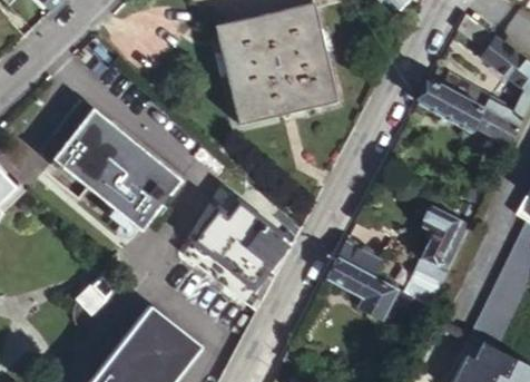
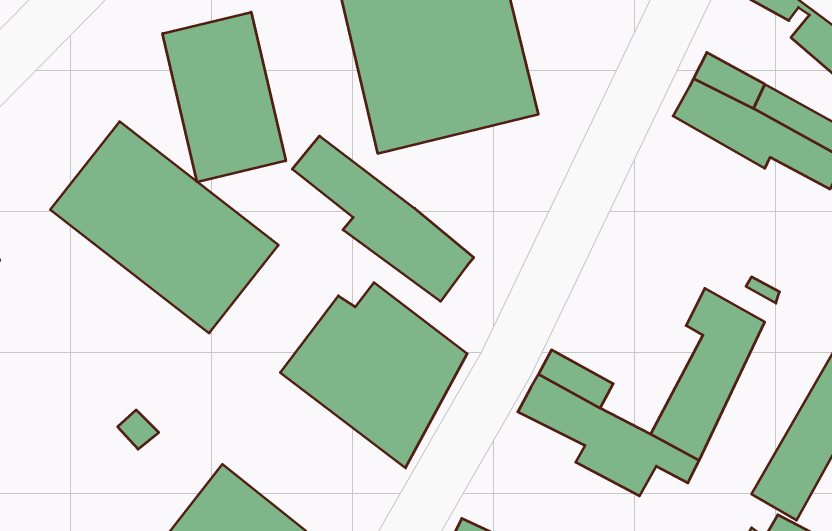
building: none -> [163,12,286,182]
building: none -> [292,136,474,301]

